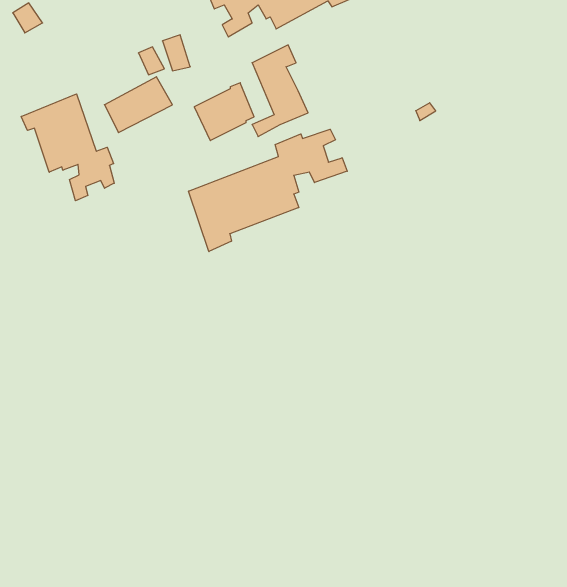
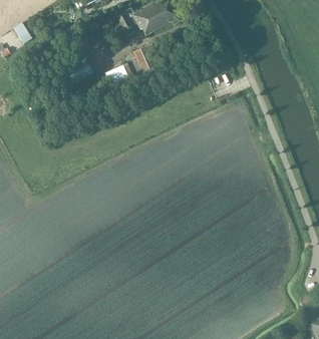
building: [21,94,114,201] -> none
building: [189,129,347,252] -> none

